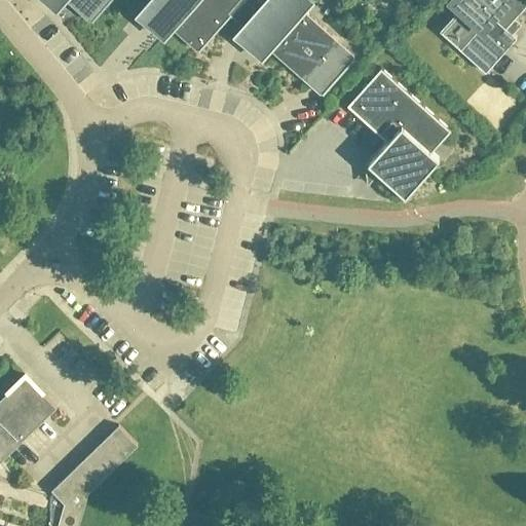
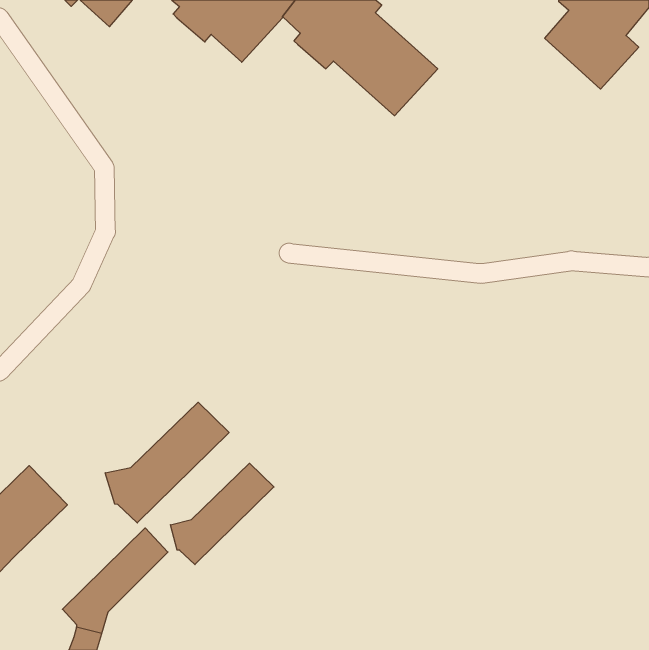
building: [346,68,451,197] -> none
building: none -> [105,402,229,523]
building: none -> [170,463,274,565]

